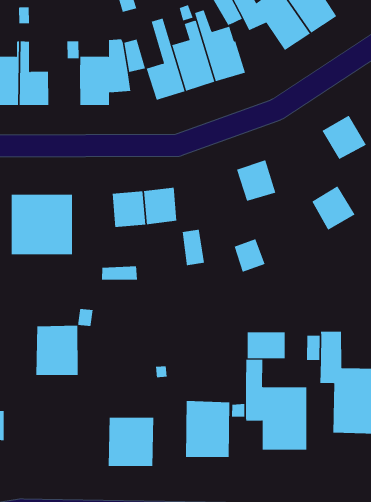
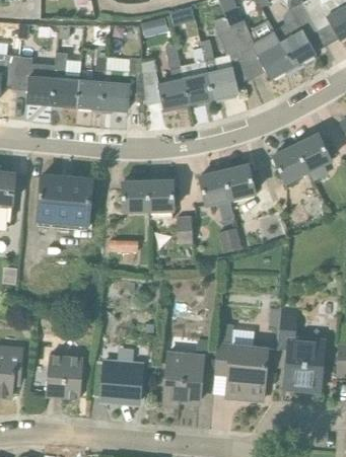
building: none -> [78,80,105,109]
building: none -> [199,171,230,204]
building: [311,186,355,231] -> [273,146,307,181]
building: [35,325,78,376] -> [46,357,83,399]
building: [247,332,285,359] -> none

